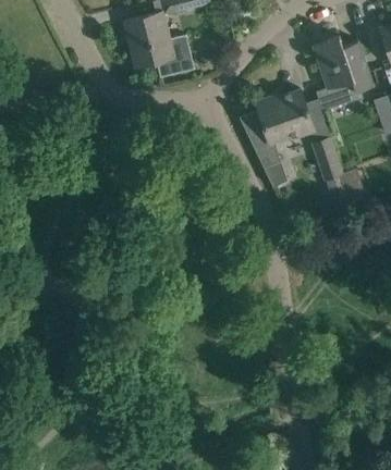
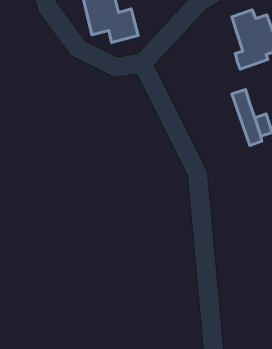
building: [241,90,314,187] -> none

